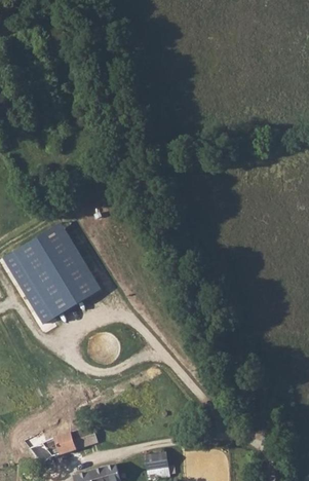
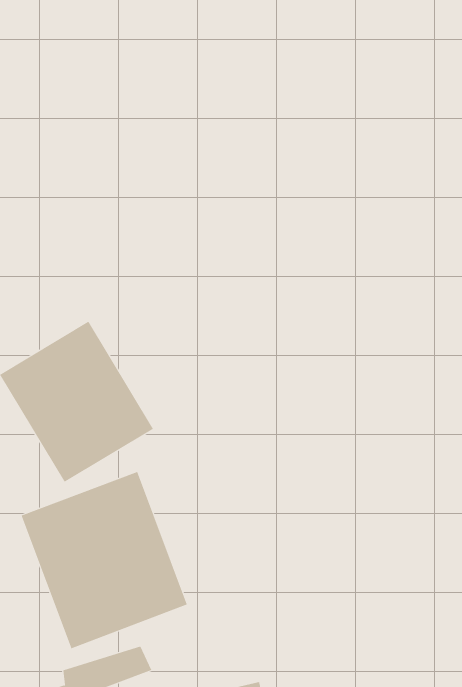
building: none -> [21,471,188,649]

